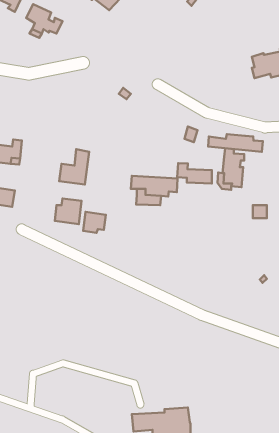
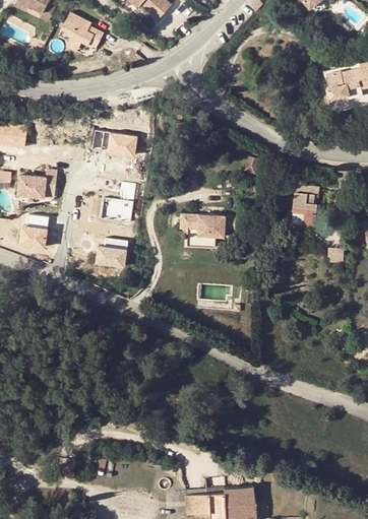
building: none -> [90,130,137,158]
building: [208,134,263,152] -> none
building: [177,163,212,184] -> none
building: [83,212,106,233] -> none

